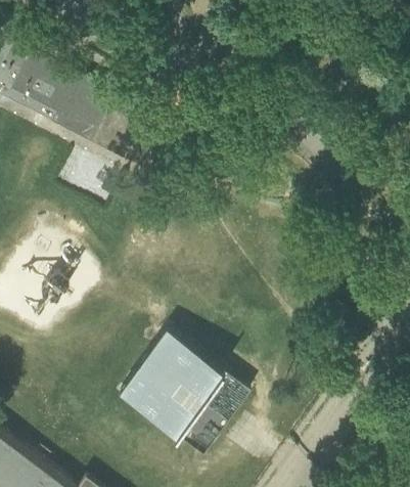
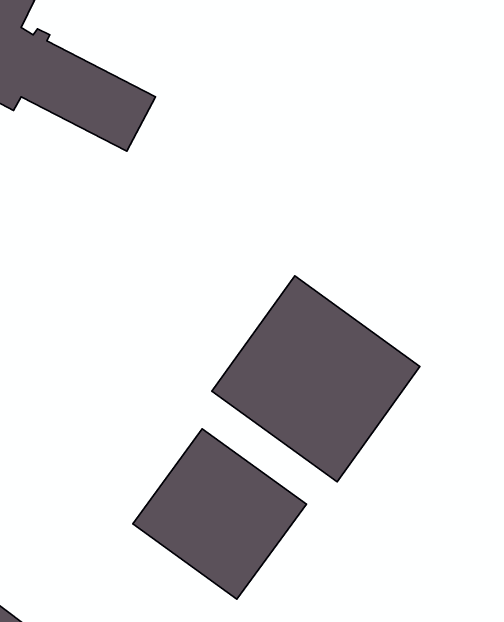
building: none -> [212,276,420,482]

